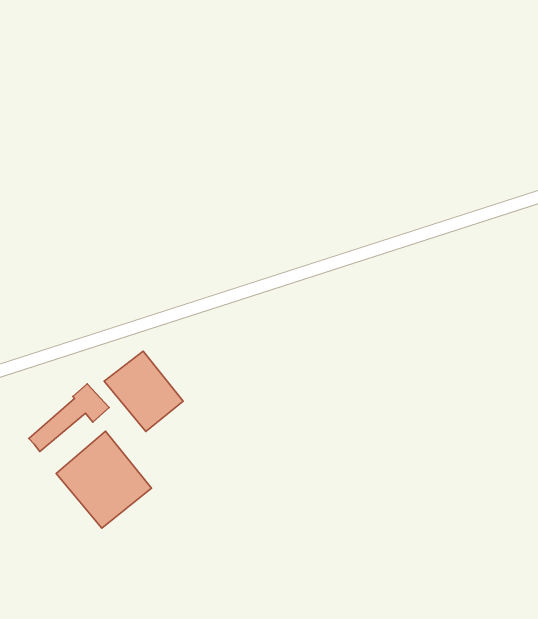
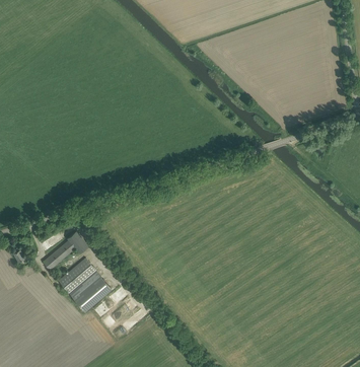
building: [104,351,183,432] -> none

